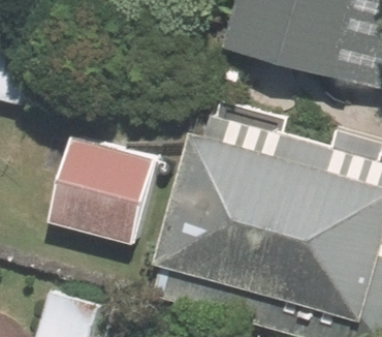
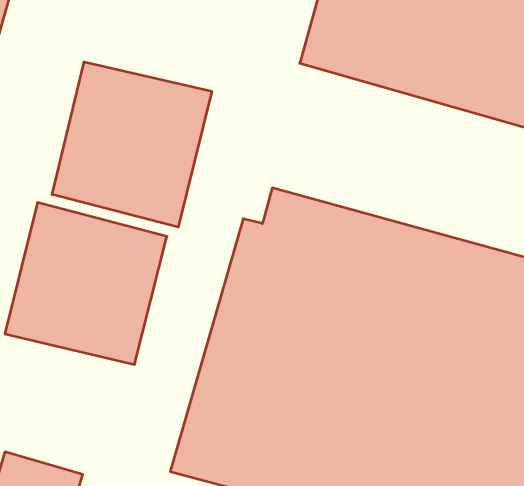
building: none -> [52,62,212,227]

